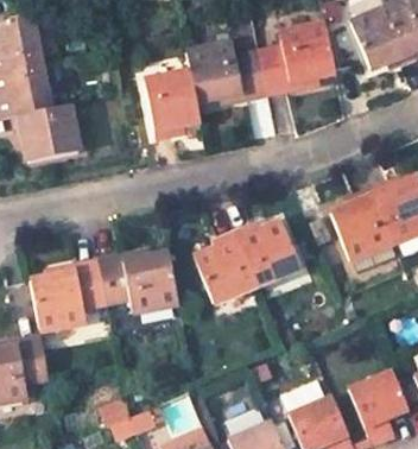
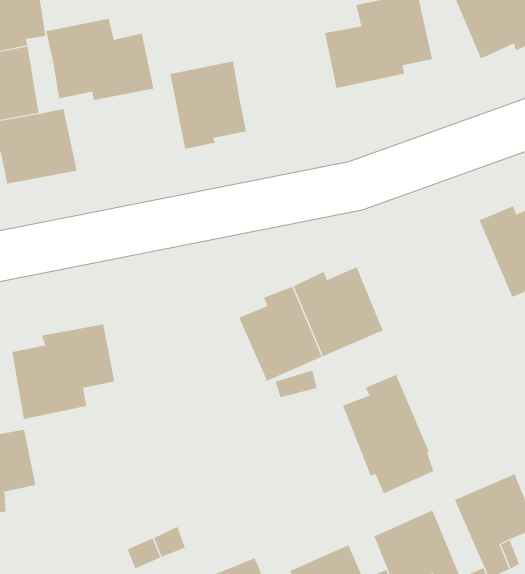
building: [184,39,262,99] -> [45,18,154,100]
building: [327,185,393,272] -> [342,374,434,494]
building: [95,251,176,310] -> none

